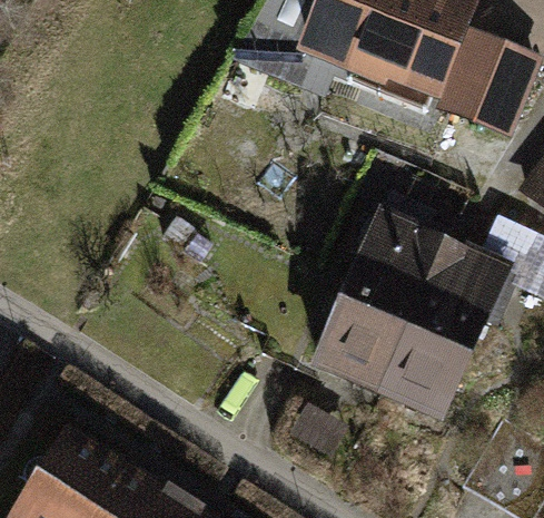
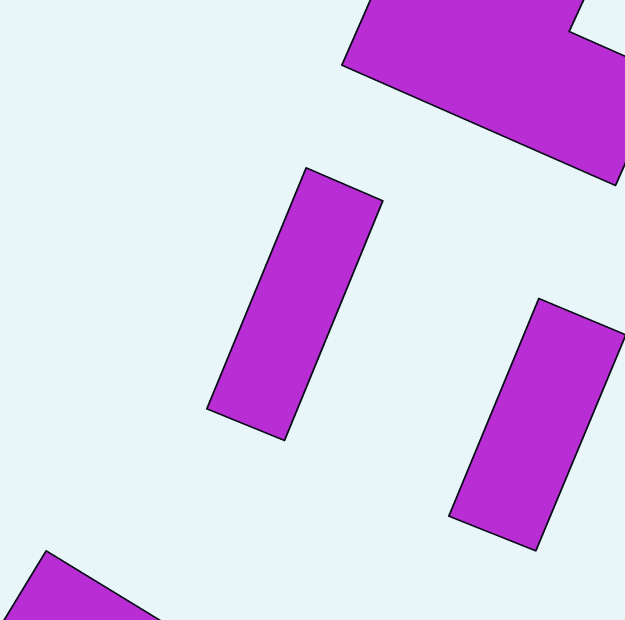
building: none -> [207,168,383,441]
building: [309,203,445,398] -> none

